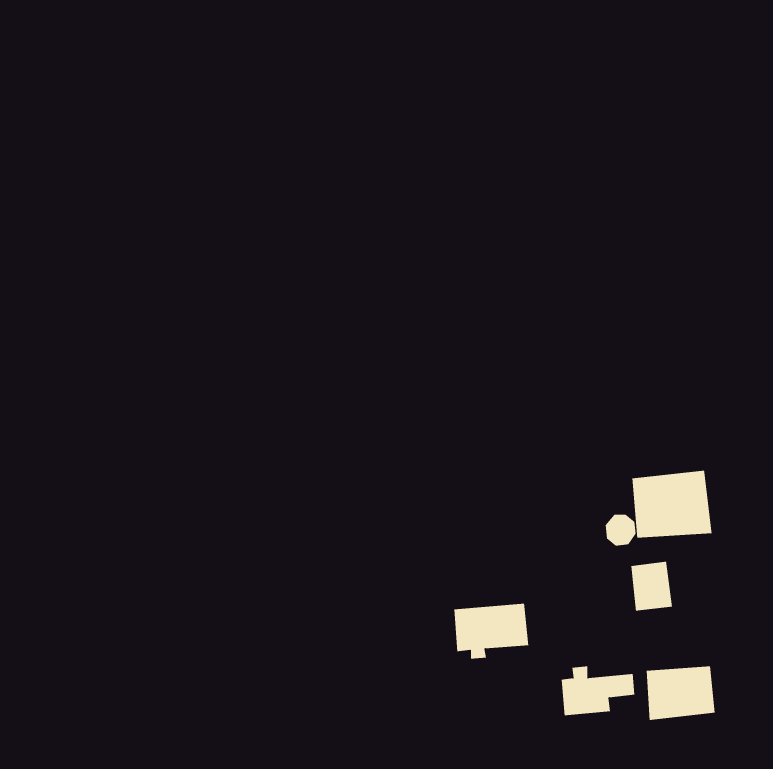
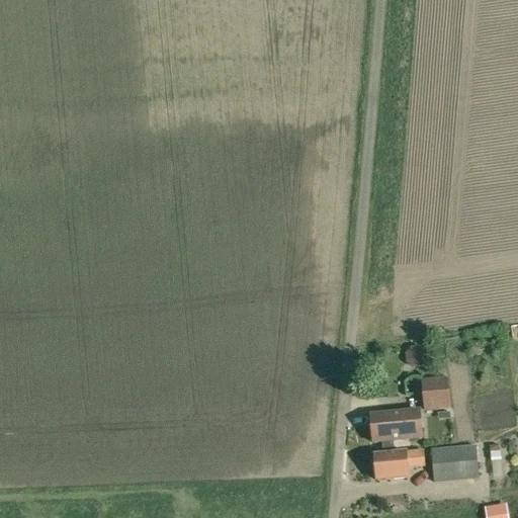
building: [632,470,712,538] -> none
building: [453,603,529,659] -> [370,408,421,445]

